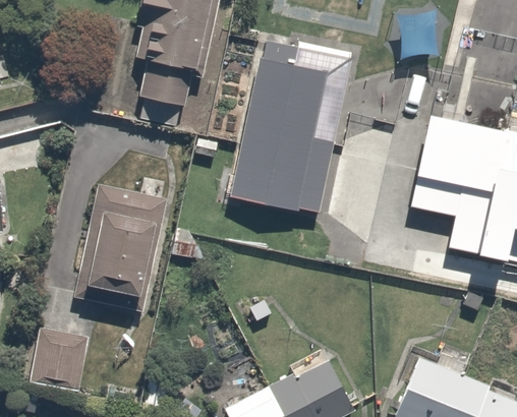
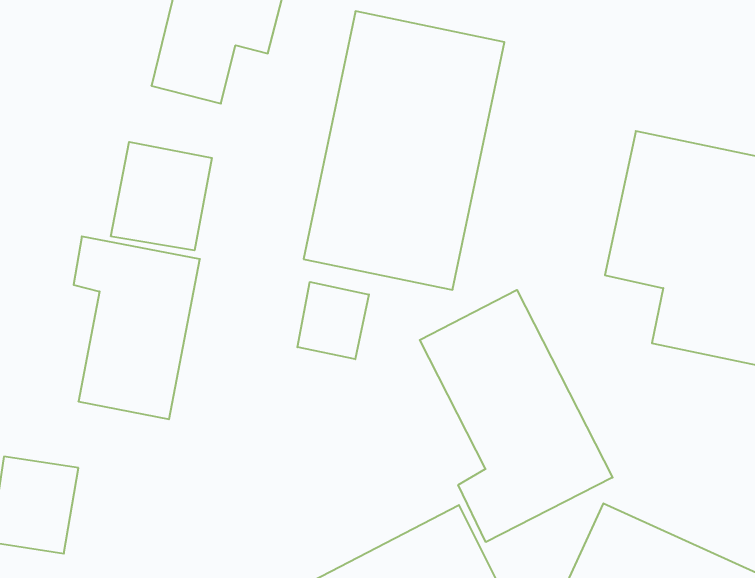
building: none -> [111,142,212,250]
building: none -> [297,282,369,359]
building: none -> [420,290,613,542]

